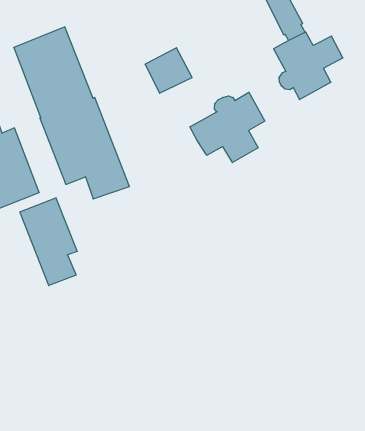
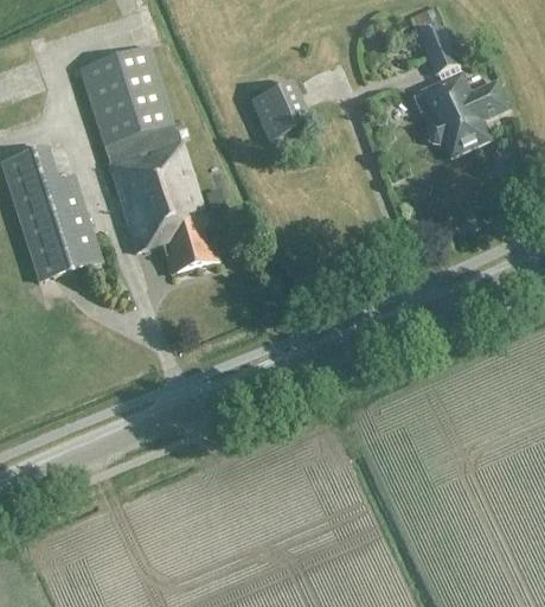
building: [190,92,265,163] -> none
building: [20,198,77,286] -> none

